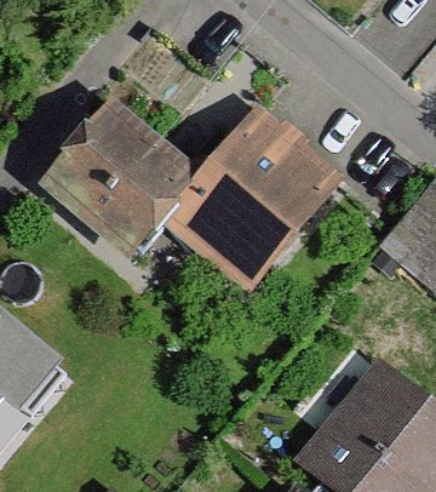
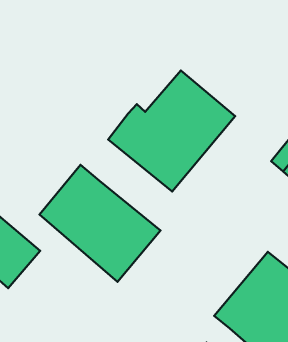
building: [56,110,188,244] -> none
building: none -> [39,165,161,282]

